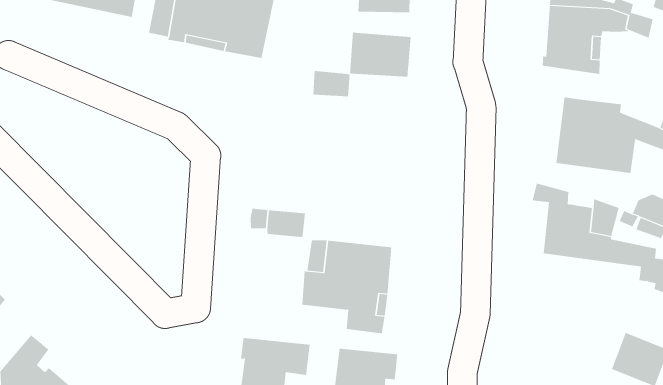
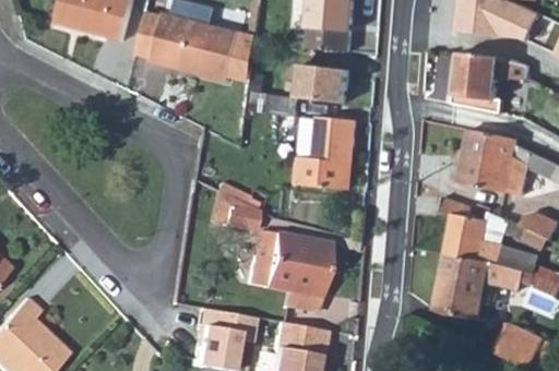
building: none -> [297,119,357,189]
building: none -> [438,254,532,318]

